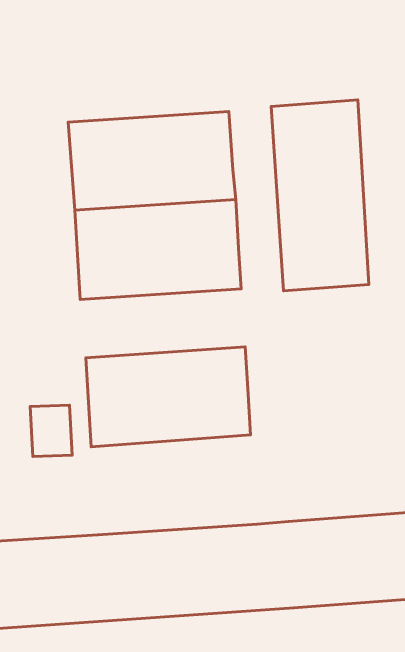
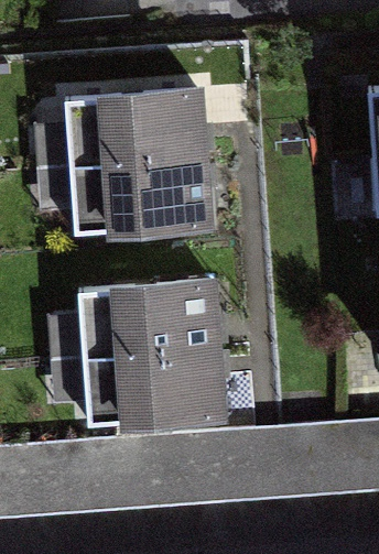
building: [271,100,369,291] -> none
building: none -> [93,356,228,437]

